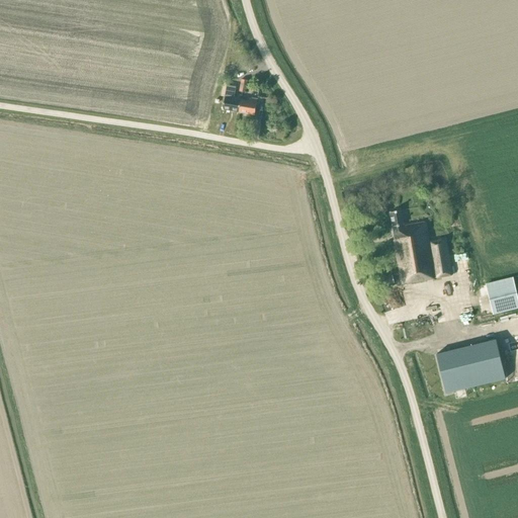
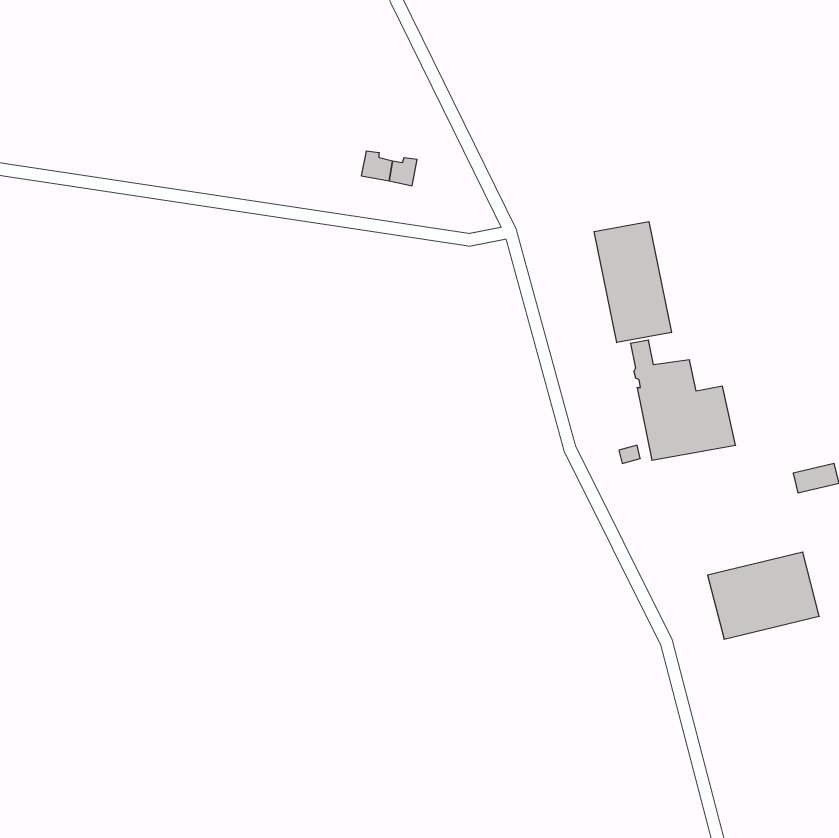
building: none -> [594,222,671,343]

